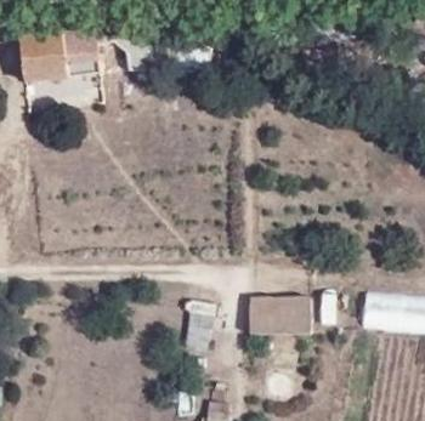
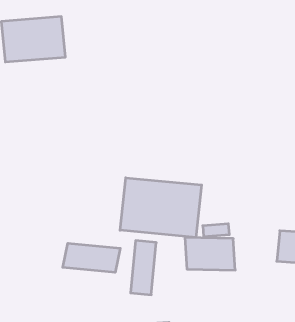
building: none -> [120,178,202,237]
building: none -> [63,243,120,272]

